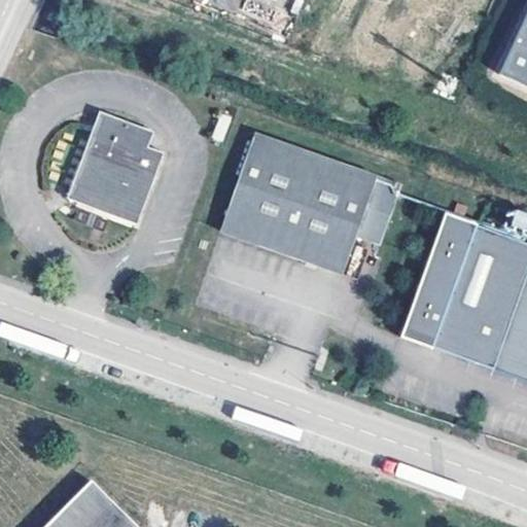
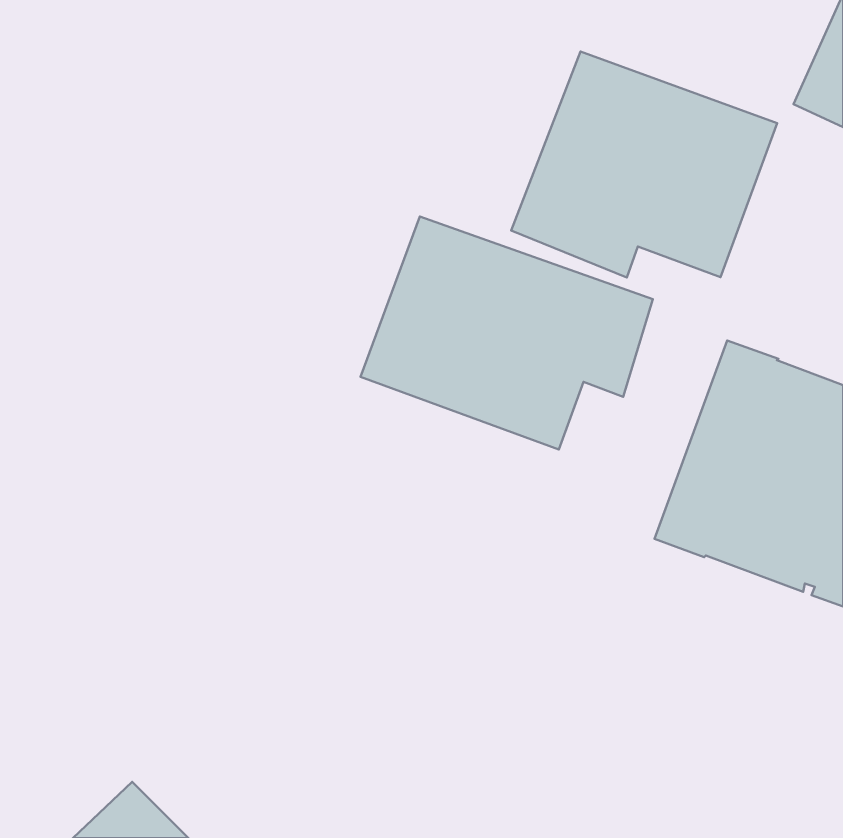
building: none -> [511,52,777,278]
building: [71,116,159,220] -> none

